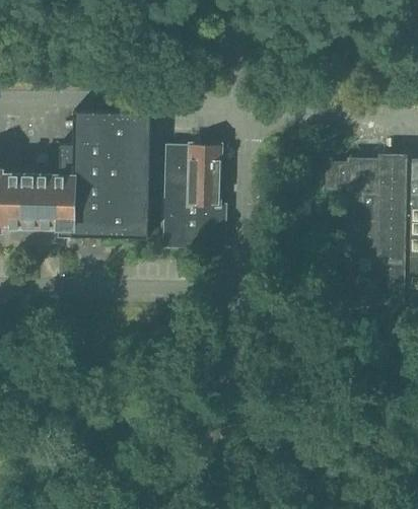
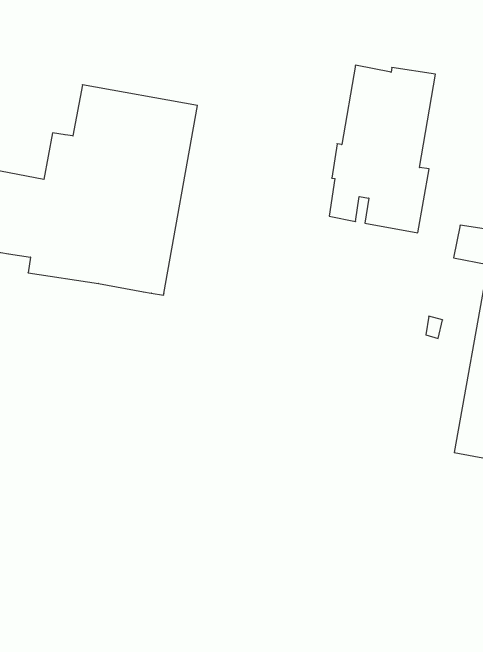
building: [164,143,225,245] -> [329,65,435,233]

